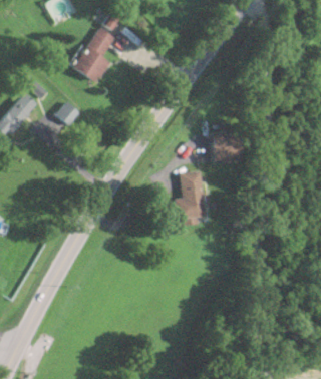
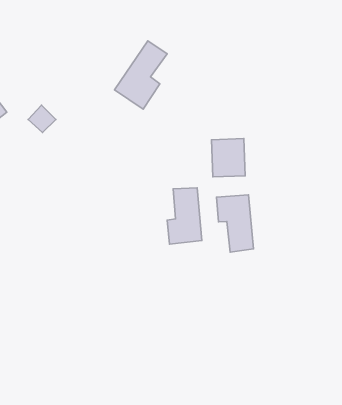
building: [71,26,115,83] -> [114,41,167,109]
building: none -> [217,195,254,252]

